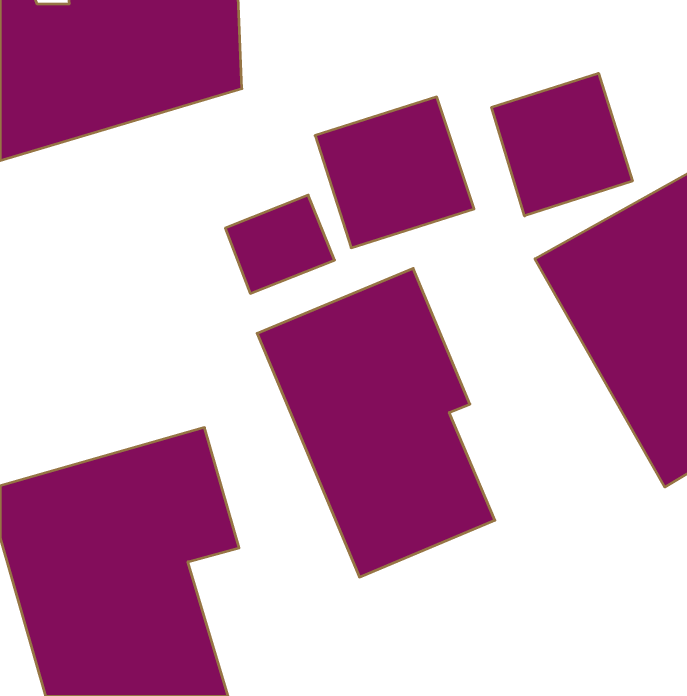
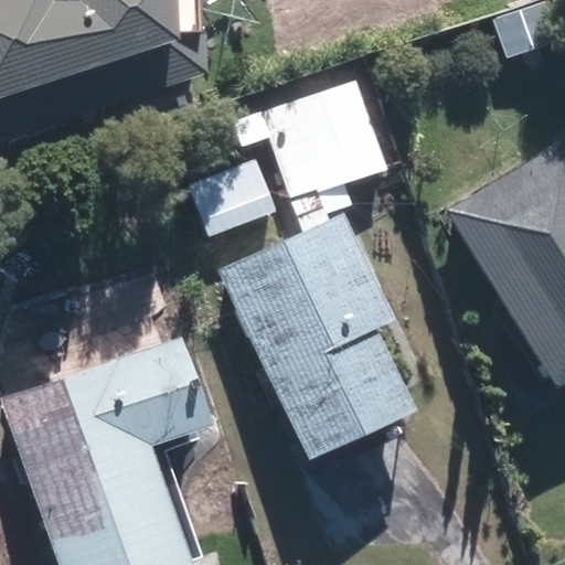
building: [492,73,632,216] -> none

